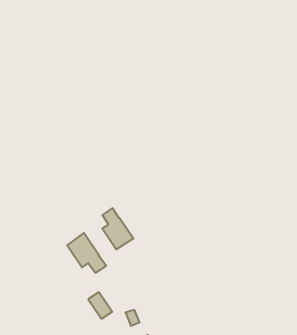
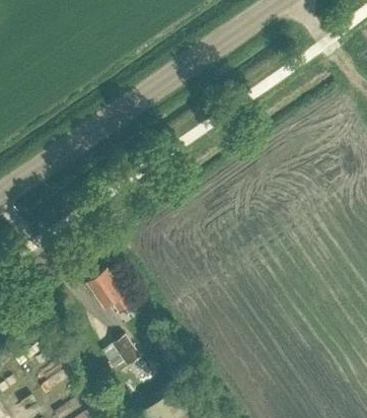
building: [102,208,133,249] -> none

